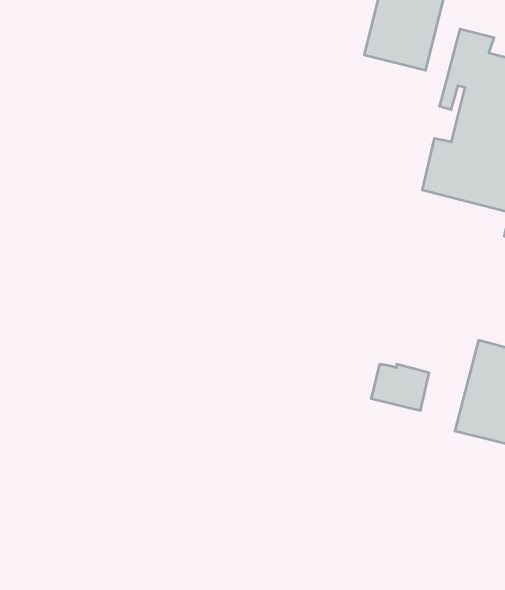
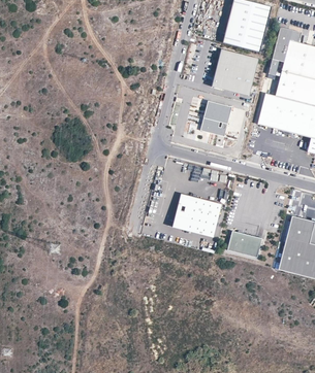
building: none -> [212,49,259,96]
building: none -> [200,101,232,137]
building: none -> [172,194,222,237]

